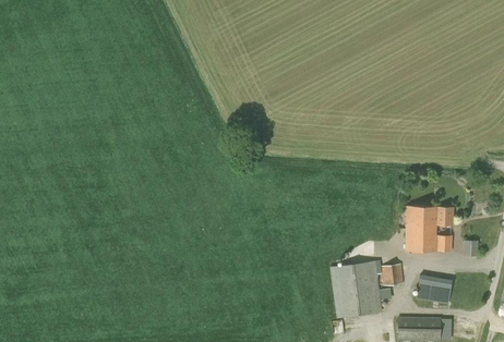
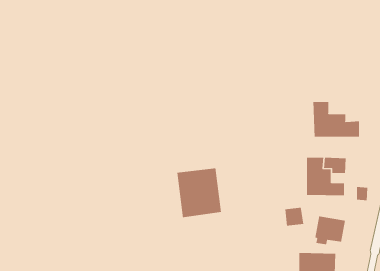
building: none -> [313,101,359,137]
building: [331,260,383,318] -> [177,168,222,218]

